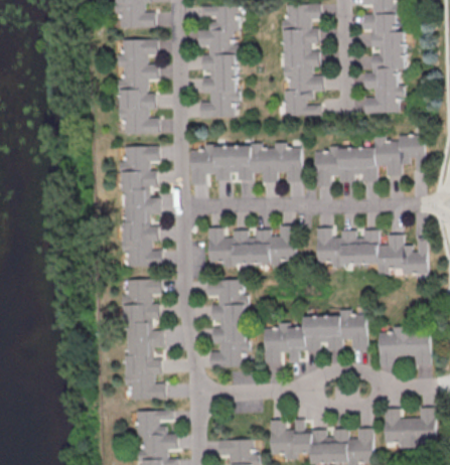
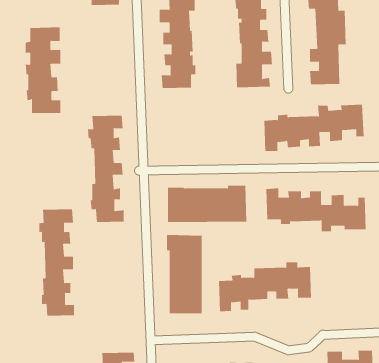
building: [118,38,158,134] -> [25,27,61,113]
building: [190,143,302,185] -> none
building: [121,278,161,397] -> [38,209,75,316]
building: [379,326,430,366] -> none

